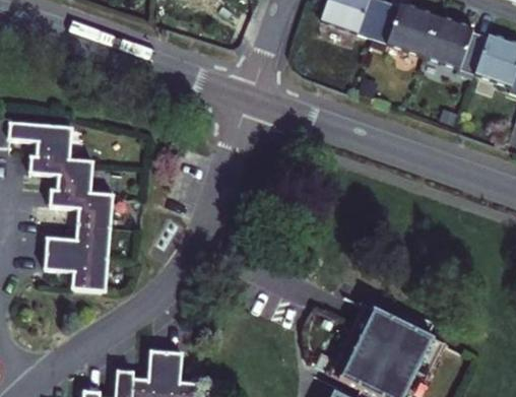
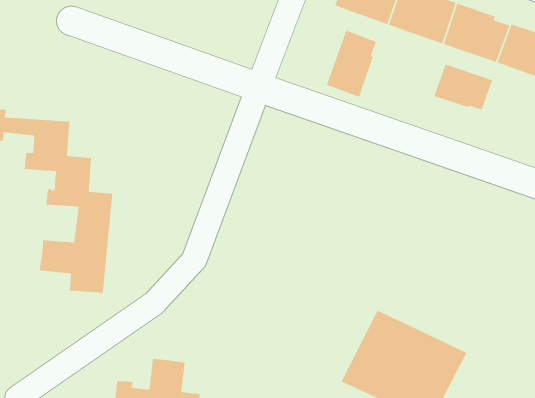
building: none -> [326,30,377,98]
building: none -> [433,63,493,110]

